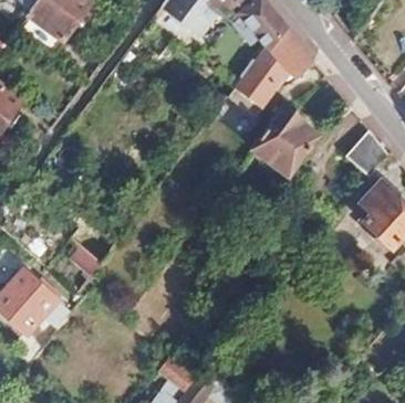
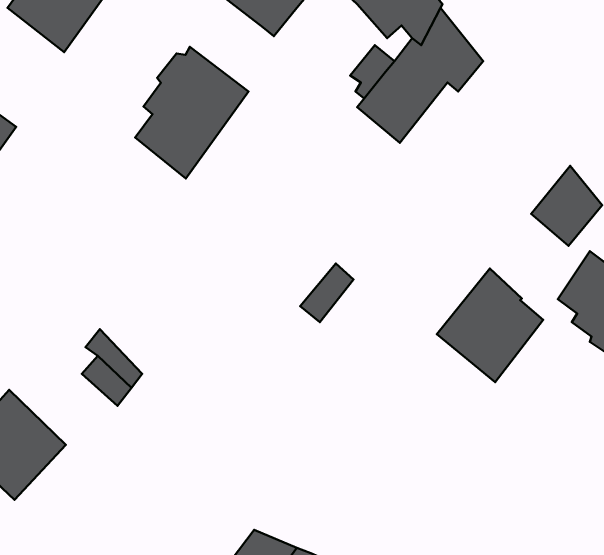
building: none -> [135,47,248,179]
building: [253,108,320,179] -> [437,268,543,382]

